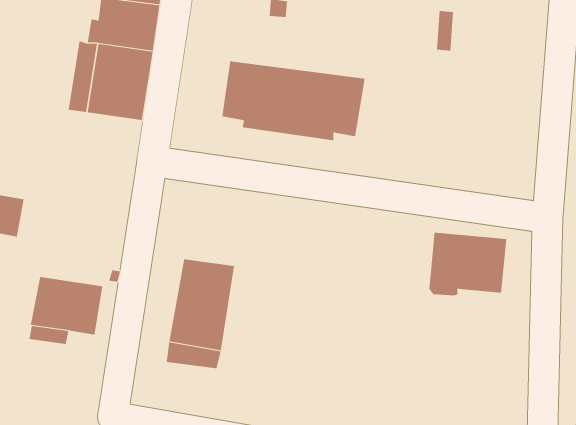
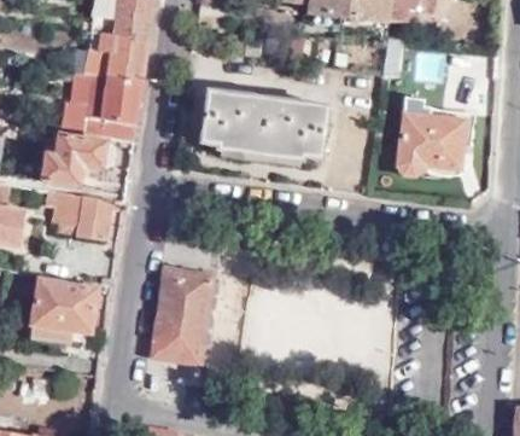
building: none -> [45,136,115,191]
building: none -> [49,192,110,242]
building: [428,232,507,296] -> [393,116,463,173]

